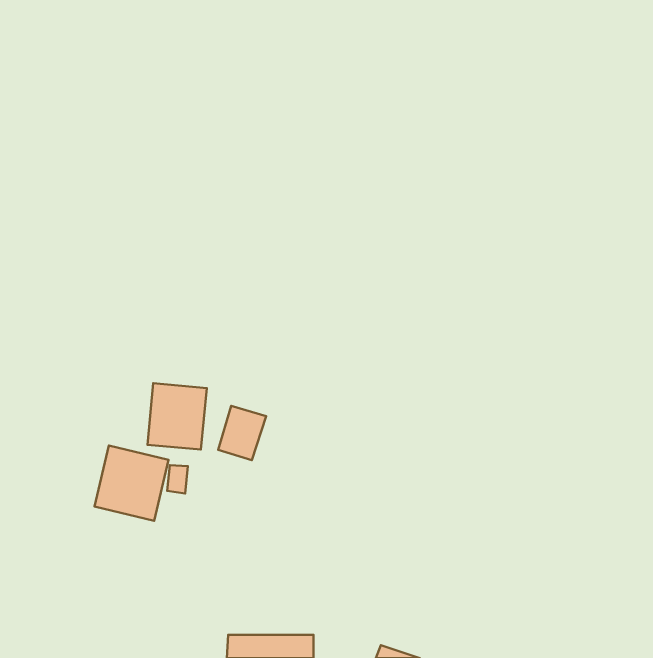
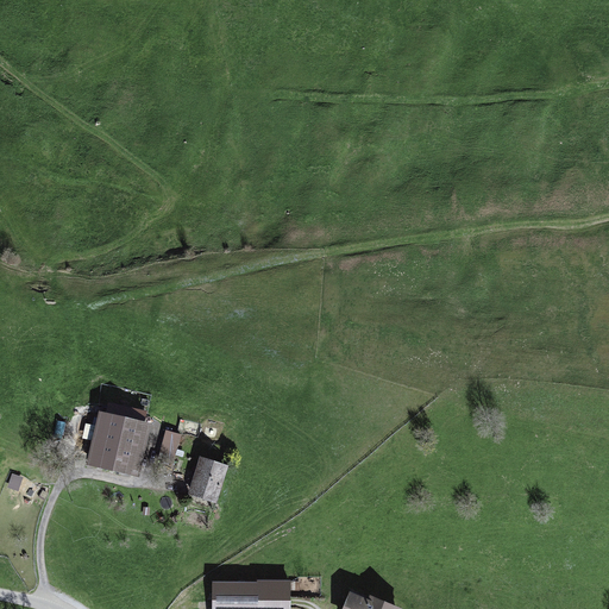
building: [147,383,207,450] -> none
building: [218,406,266,460] -> [187,456,231,506]

